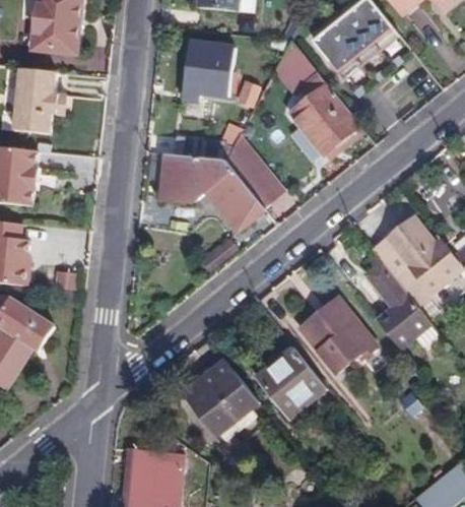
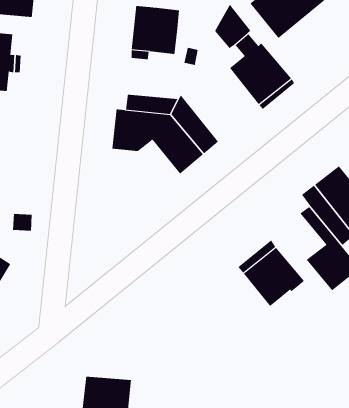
building: [254,346,324,416] -> none
building: [183,359,255,439] -> none

